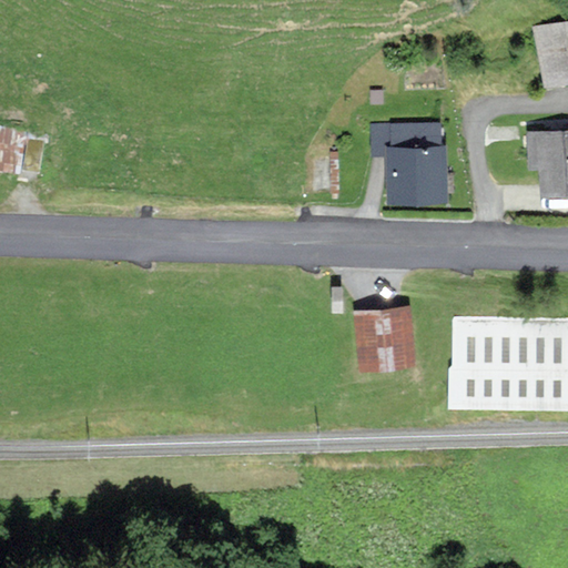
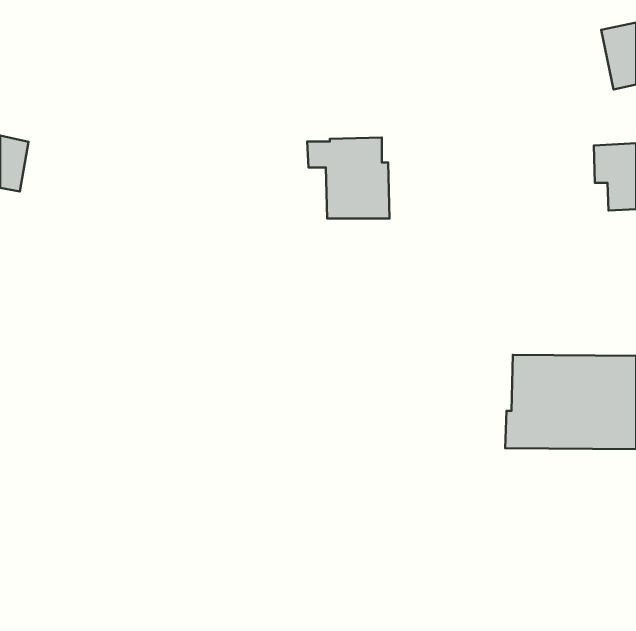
building: [372,126,445,199] -> [307,138,389,219]
building: [356,310,412,368] -> none

